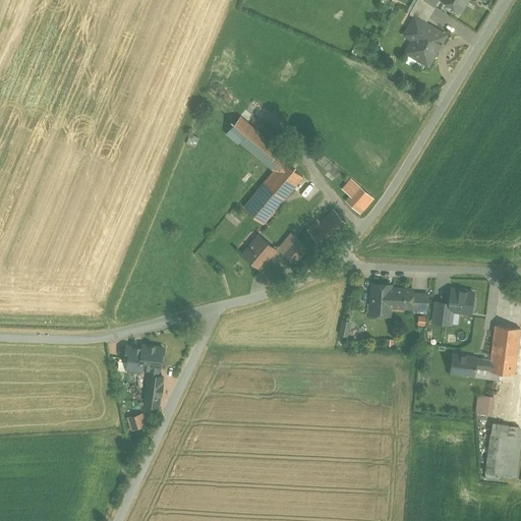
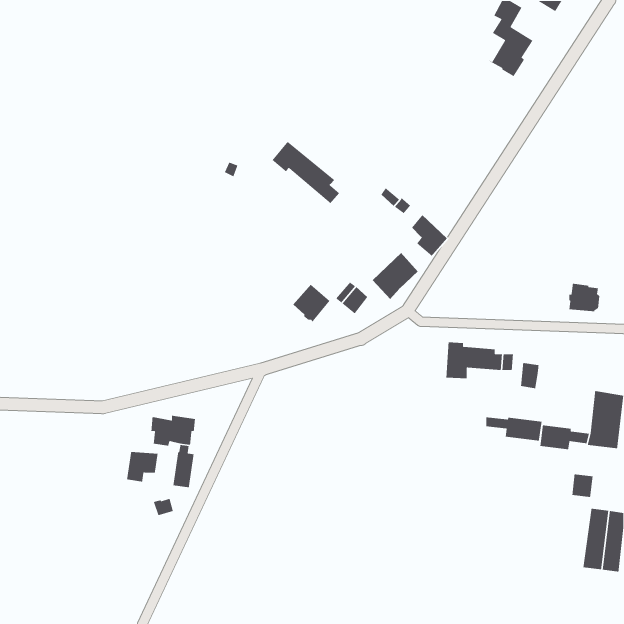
building: [243,161,302,225] -> none
building: [448,289,474,313] -> [568,283,600,312]
building: none -> [486,416,543,441]
building: none -> [126,451,159,482]

